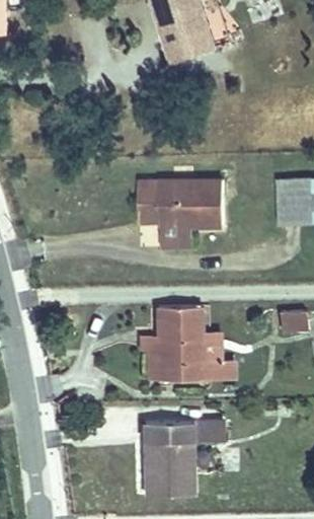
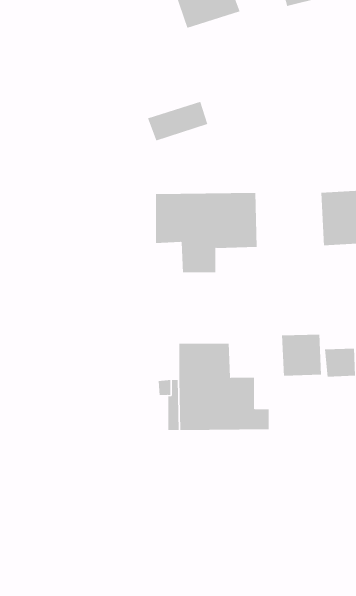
building: [166,28,217,62] -> [147,101,208,141]
building: none -> [282,334,322,376]
building: [145,420,218,495] -> none

